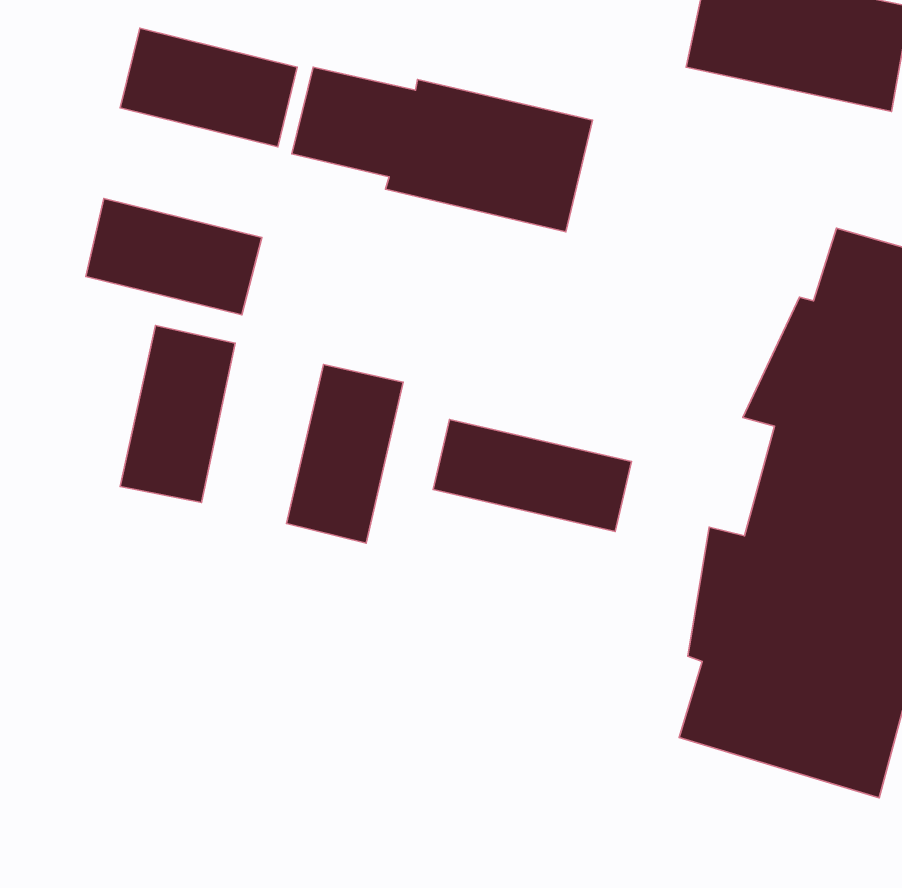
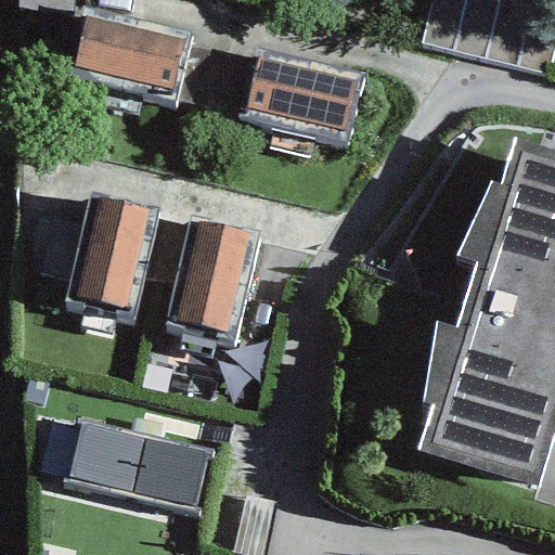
building: [86,199,262,315] -> none
building: [433,419,631,531] -> none
building: none -> [68,422,208,508]

